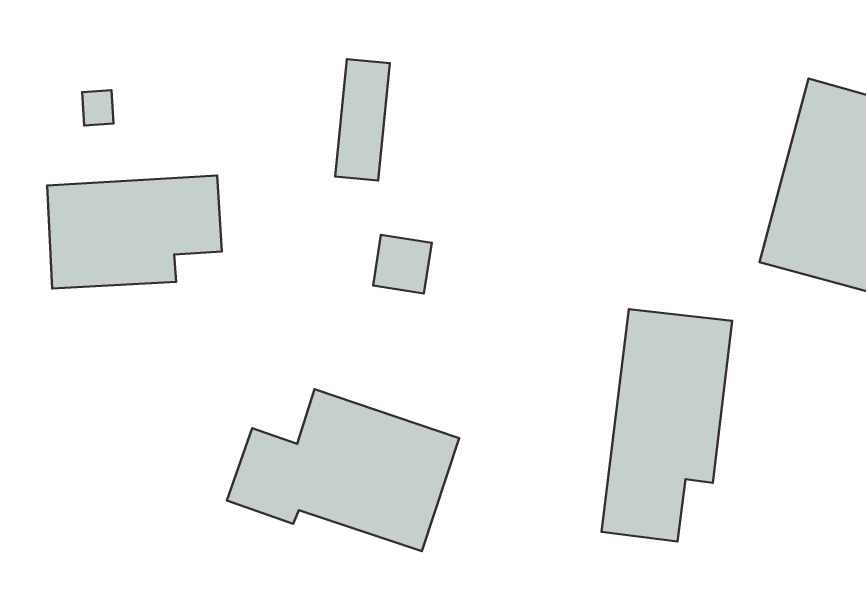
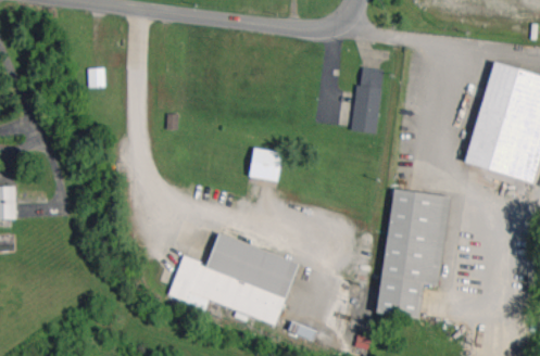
building: [335,59,390,180] -> [353,66,384,134]
building: [47,176,222,289] -> none

